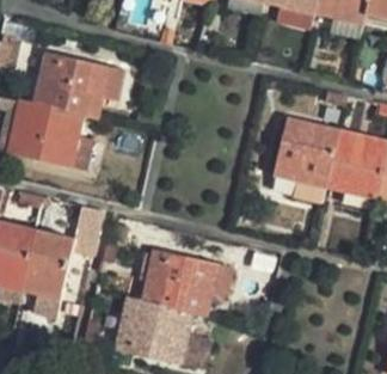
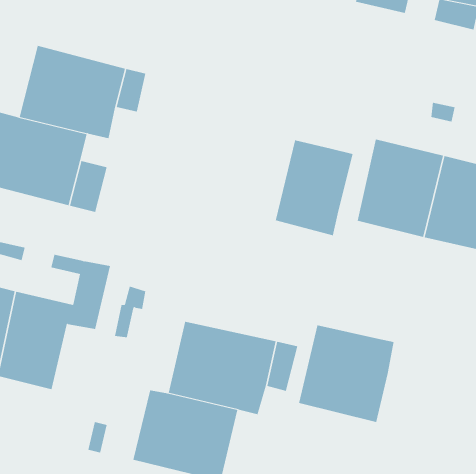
building: none -> [275,140,353,236]
building: none -> [299,324,394,423]

